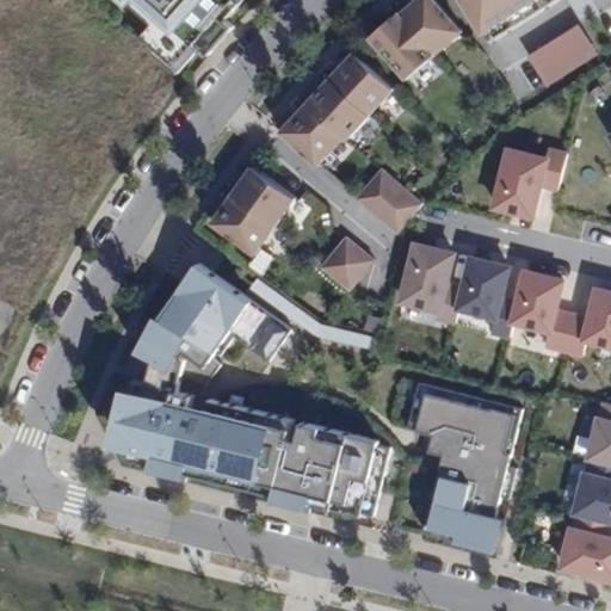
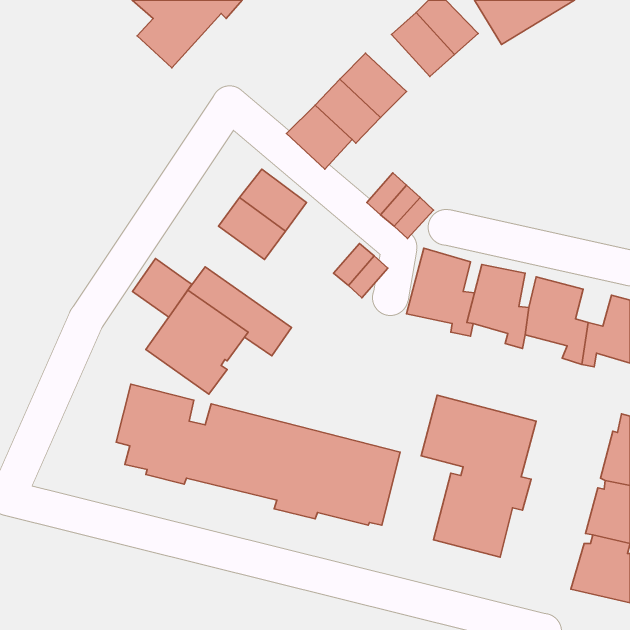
building: [520,20,591,81] -> none
building: [486,148,567,223] -> none
building: none -> [132,259,192,317]

